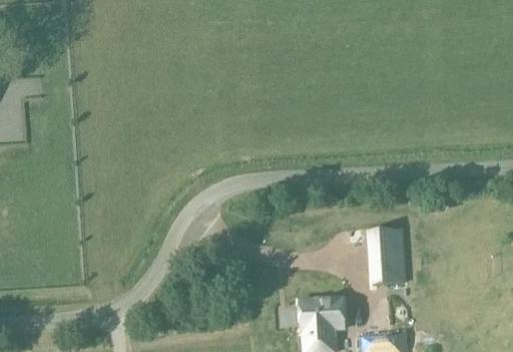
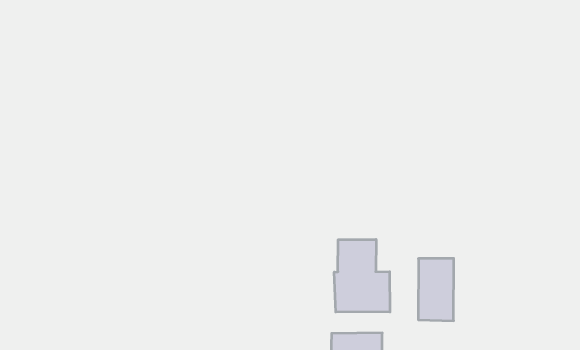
building: none -> [334,239,390,312]

